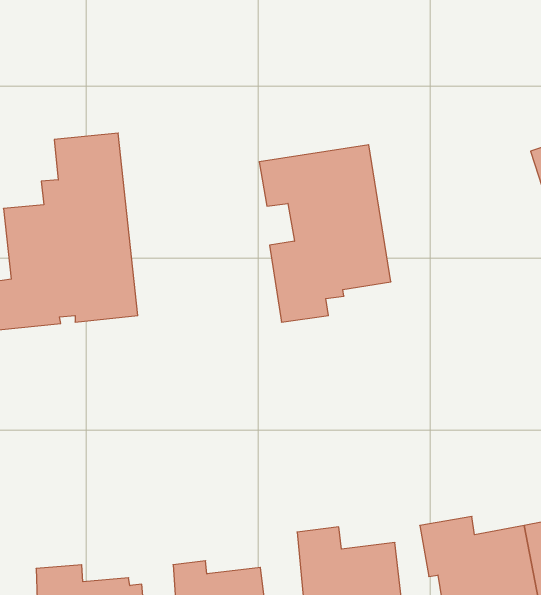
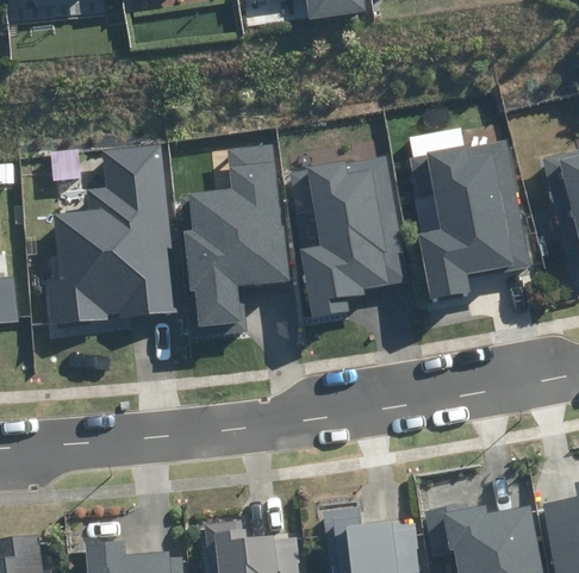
building: none -> [407,139,529,300]
building: none -> [183,143,288,337]

